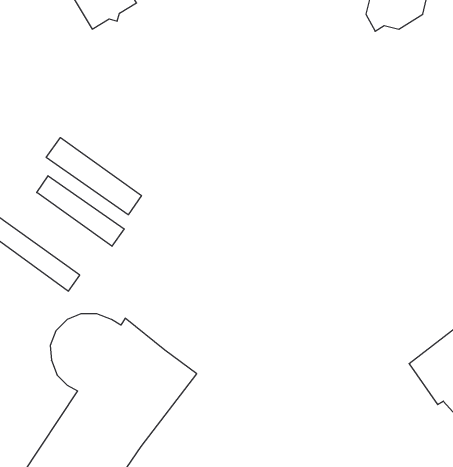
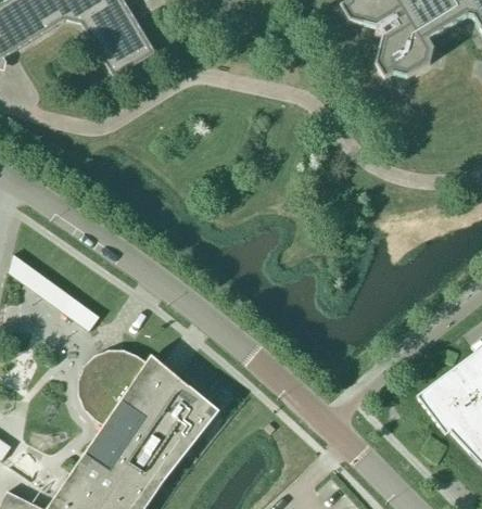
building: [46,138,141,215] -> none
building: [37,176,124,246] -> none

